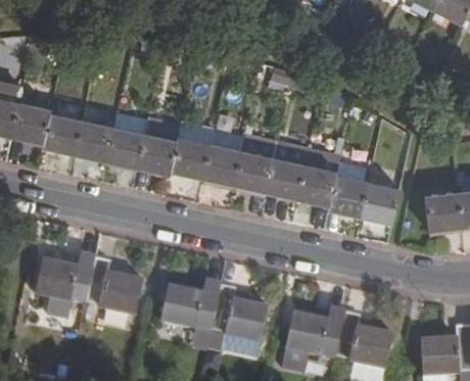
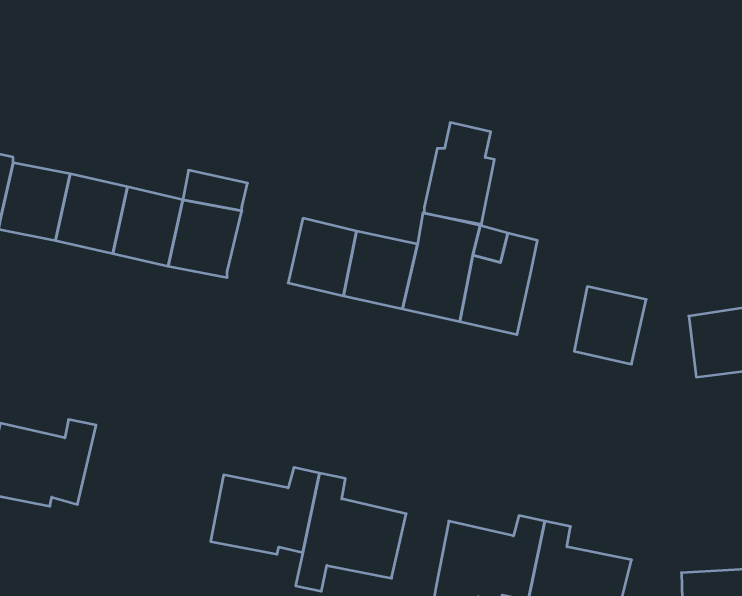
building: [169,137,210,179] -> none
building: [329,160,368,217] -> [424,123,494,224]
building: [86,257,143,316] -> none

